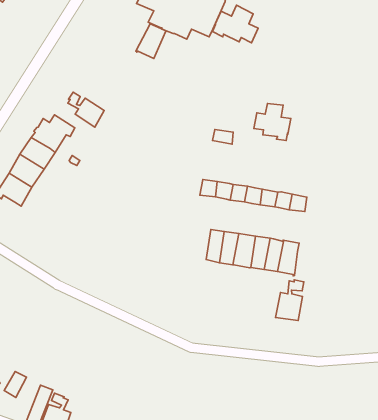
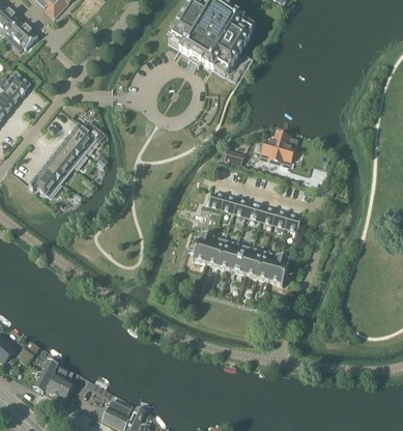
building: [213,5,258,43] -> none
building: [136,24,166,59] -> none
building: [68,92,104,127] -> none
building: none -> [192,232,213,263]
building: [275,280,304,321] -> none

